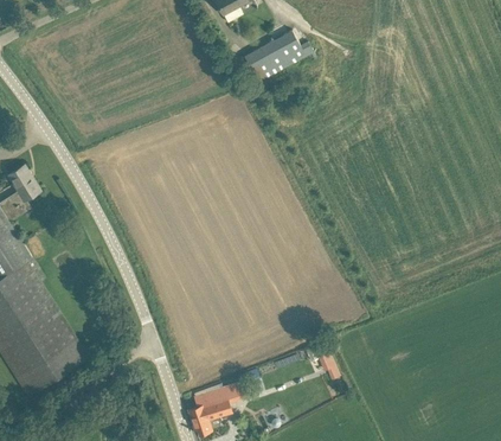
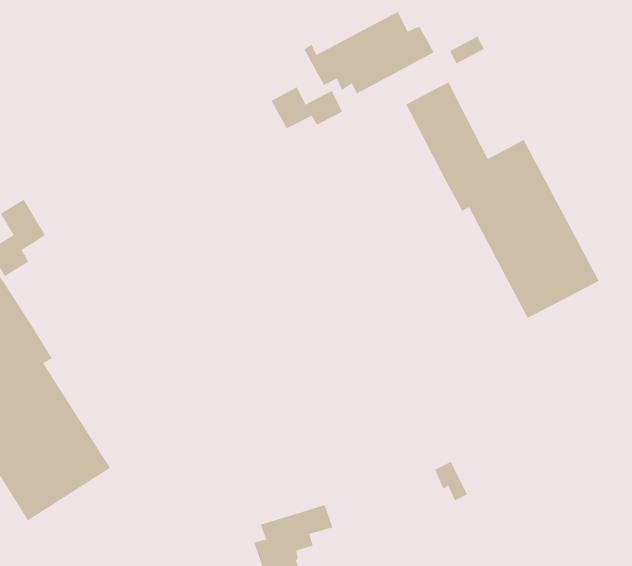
building: none -> [405,81,600,319]
building: none -> [271,87,343,129]

